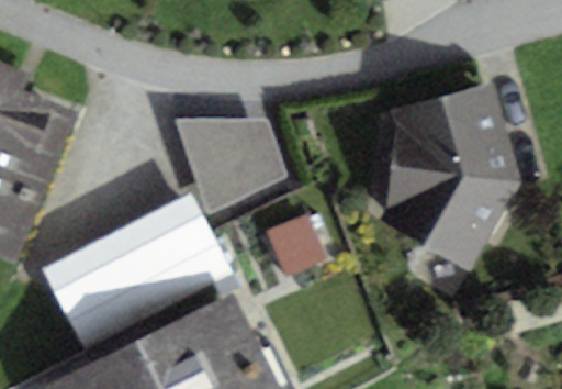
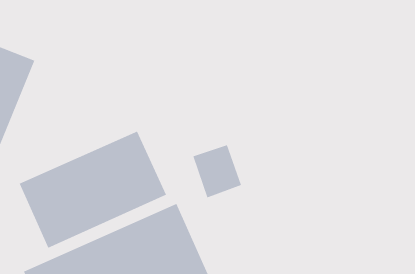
building: [381,84,506,252] -> none
building: [173,111,281,202] -> none

